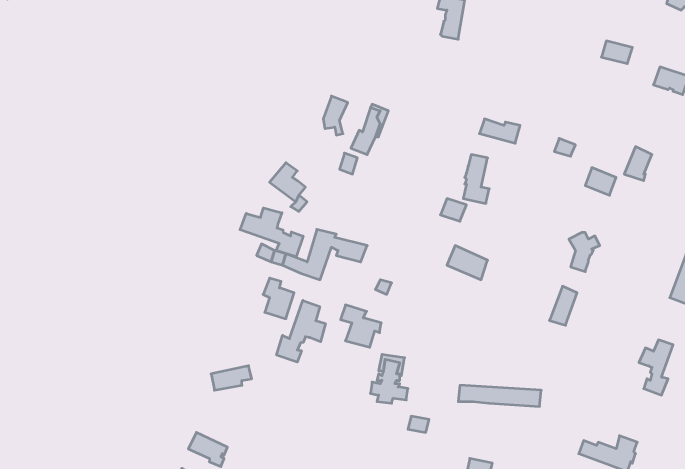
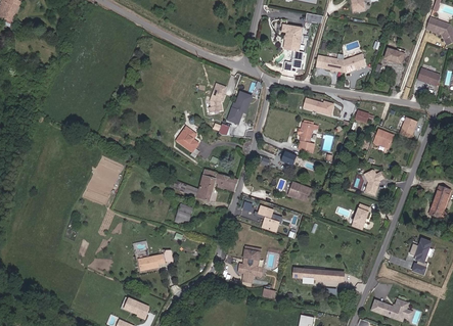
building: none -> [323,55,366,74]
building: [240,208,303,257] -> none
building: [277,300,325,362] -> none
building: [341,305,381,347] -> [258,204,283,231]

